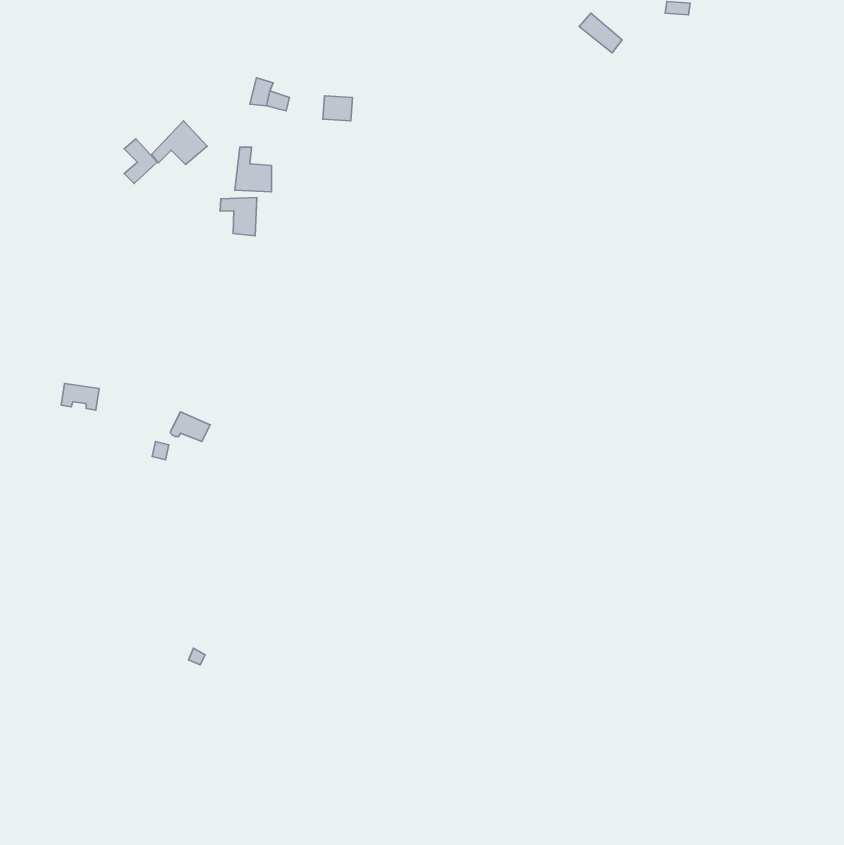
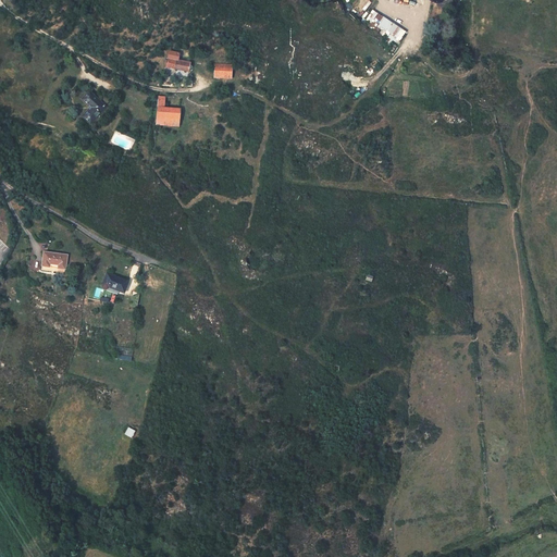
building: [152,121,207,165] -> none
building: [220,197,257,236] -> none

